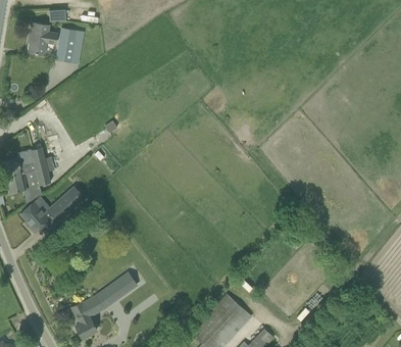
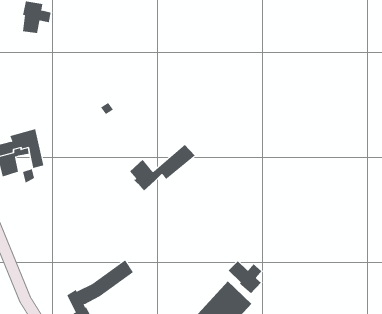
building: [56,28,84,64] -> none
building: [20,187,85,233] -> [129,144,196,192]
building: none -> [228,261,262,294]

